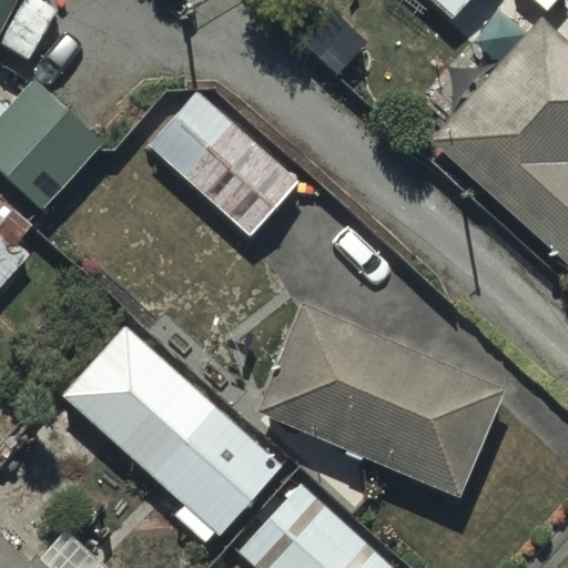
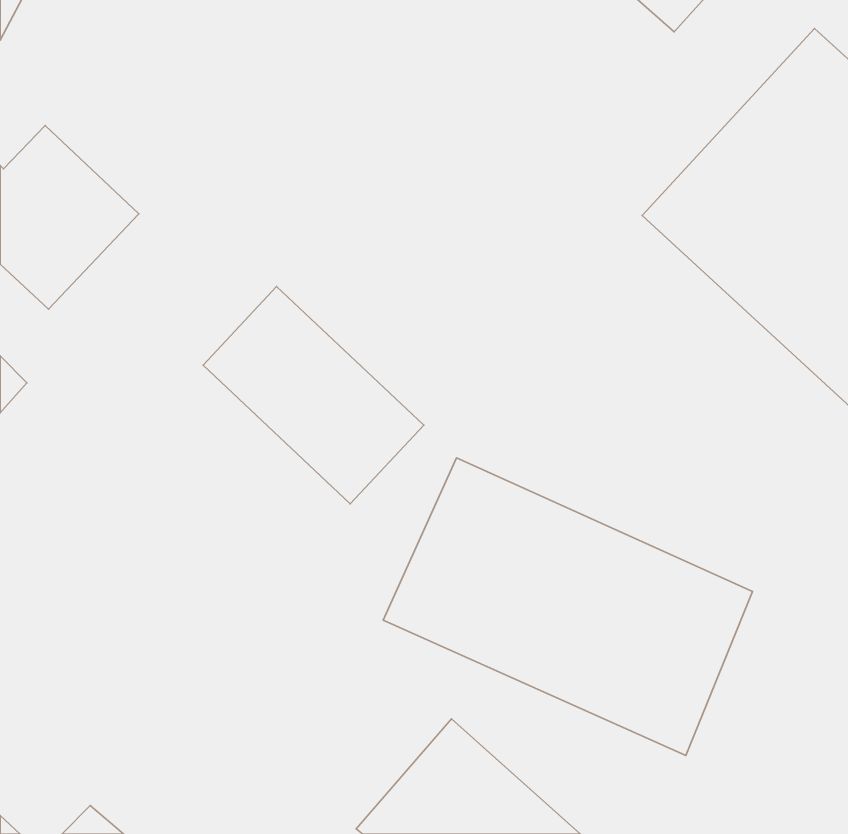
building: [149,91,295,235] -> [203,287,424,504]
building: [61,321,282,541] -> none

